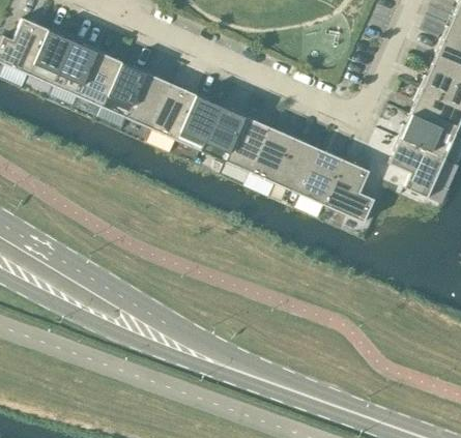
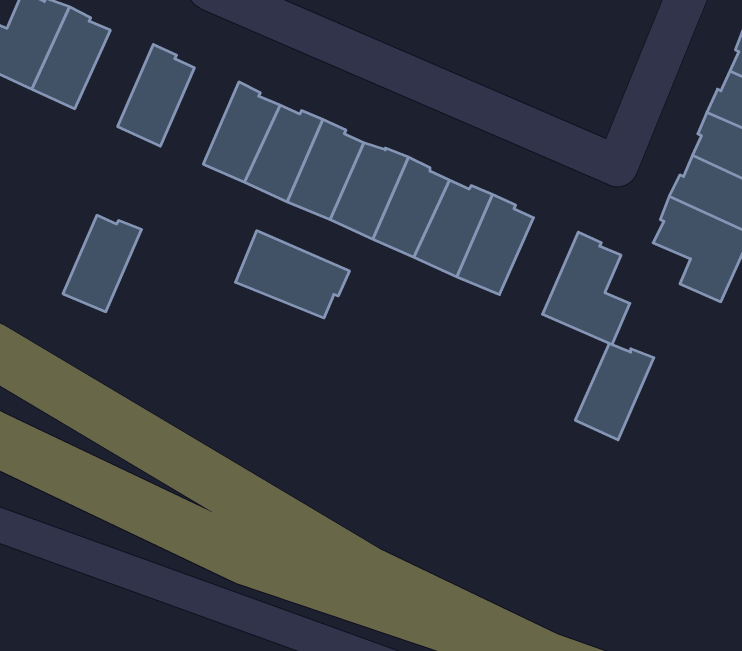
building: [54,42,99,98] -> none
building: [104,64,149,120] -> [63,215,142,312]
building: [300,151,346,207] -> [575,343,654,440]
building: none -> [235,231,349,318]

